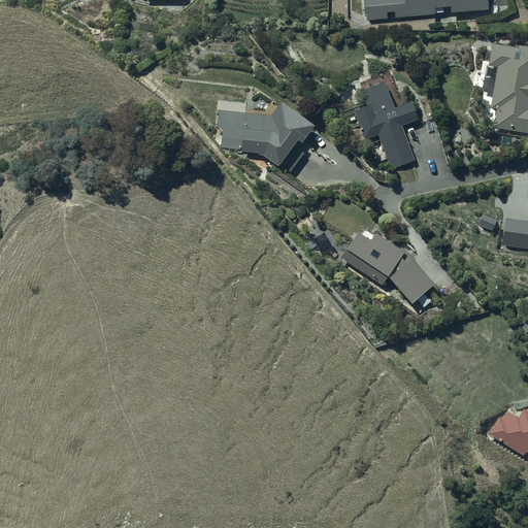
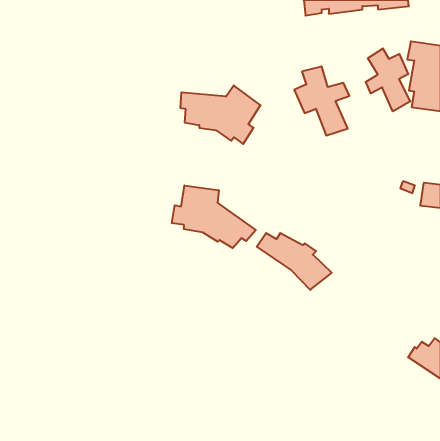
building: none -> [366,48,410,111]
building: none -> [172,185,256,248]
building: [346,232,436,300] -> [257,233,332,290]

